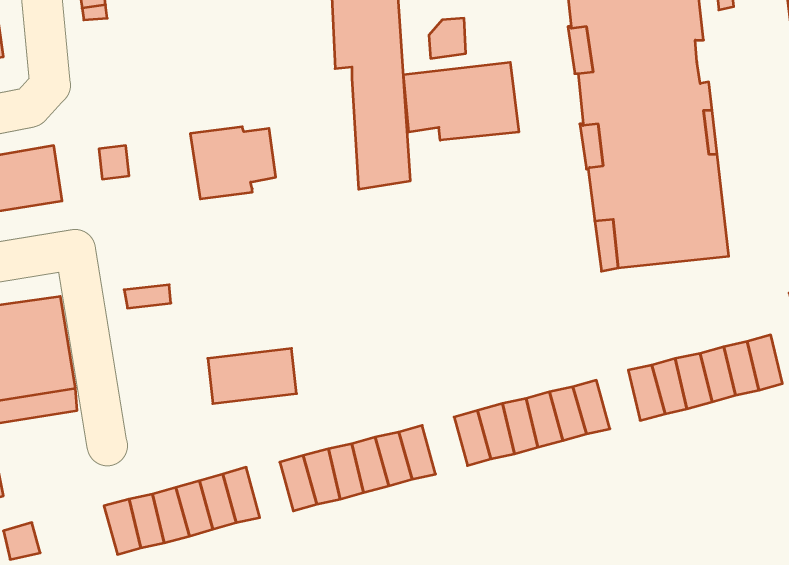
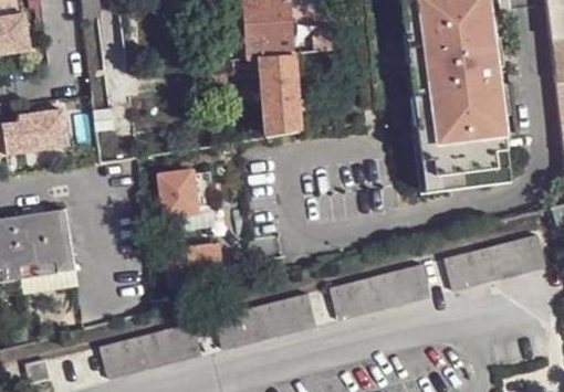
building: [403,62,519,140] -> none
building: [190,127,276,199] -> [159,169,216,216]

